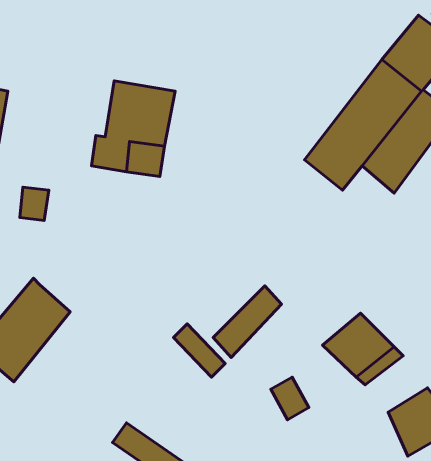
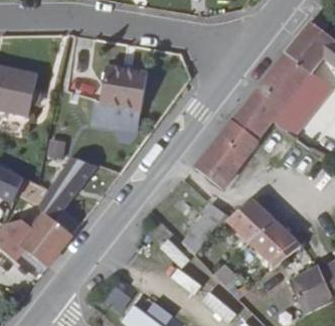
building: none -> [195,119,261,189]
building: none -> [43,158,91,201]
building: none -> [227,201,273,241]

